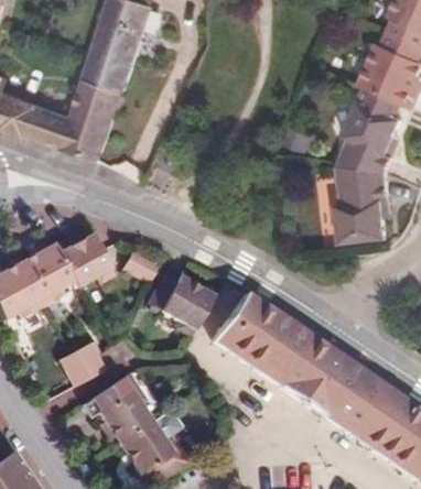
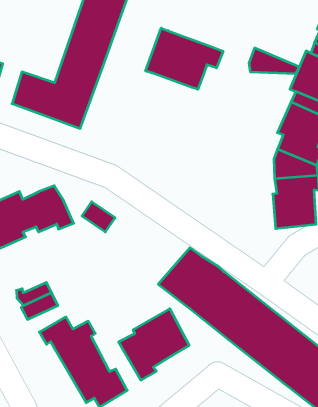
building: none -> [146,28,223,89]
building: none -> [249,48,299,74]
building: [147,268,210,329] -> none
building: none -> [119,309,189,380]

